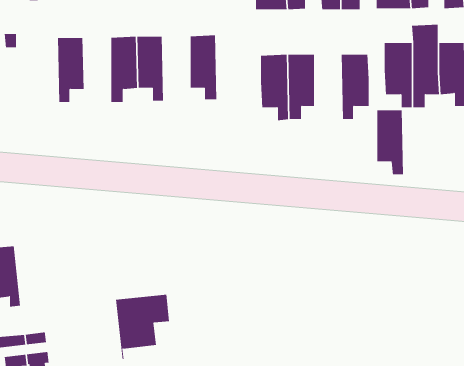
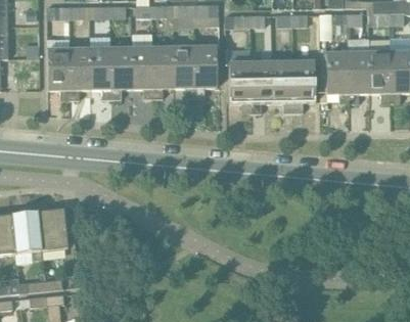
building: none -> [193,46,216,97]
building: none -> [151,47,173,98]
building: none -> [46,48,70,99]
building: none -> [89,48,110,99]
building: [377,110,404,175] -> [271,61,292,112]
building: [115,294,170,359] -> [35,208,78,259]

